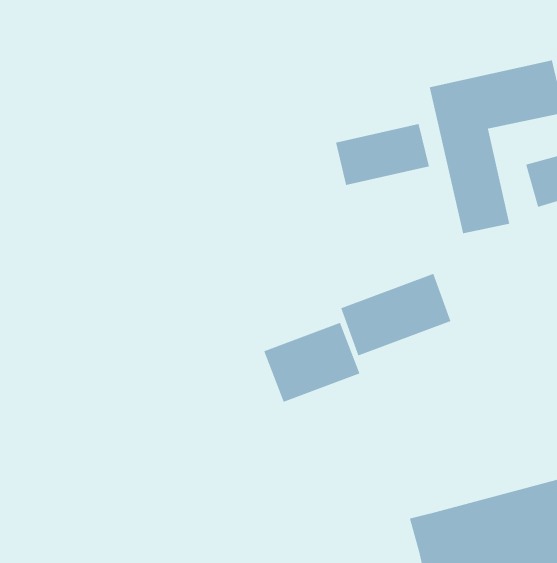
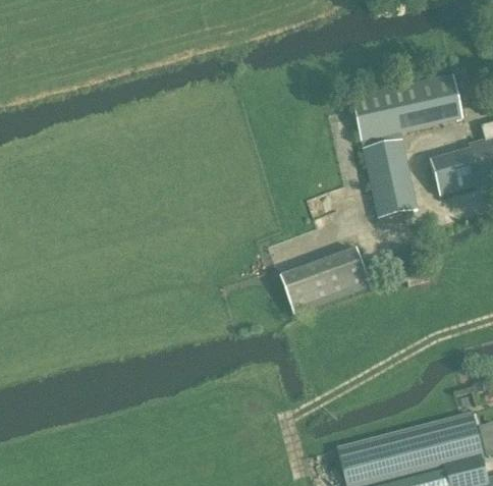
building: [335,123,430,186] -> none
building: [263,322,361,403] -> none

